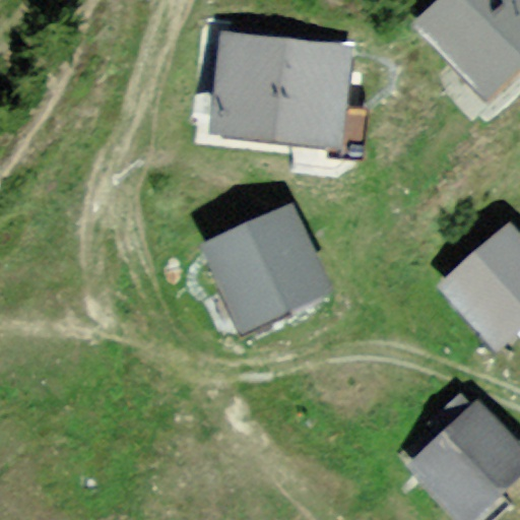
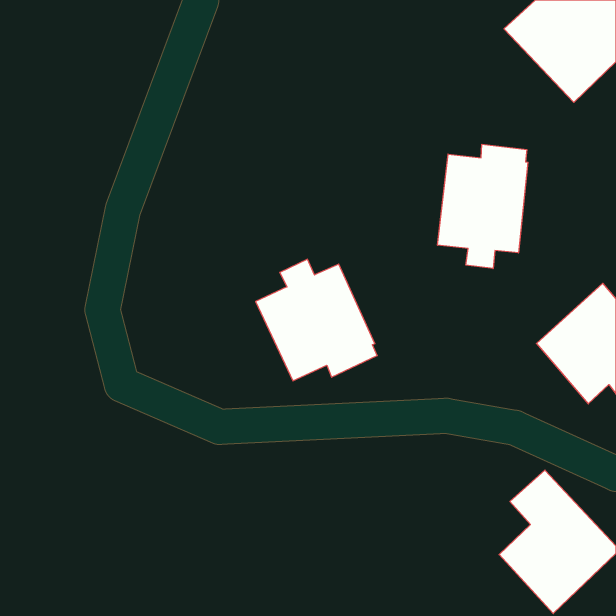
building: [222,46,347,139] -> none
building: none -> [438,144,528,269]

